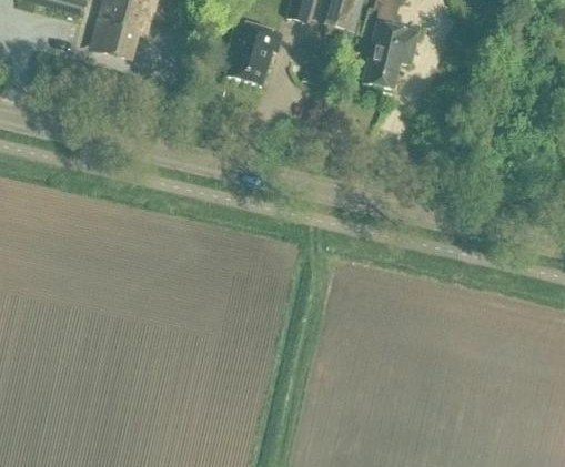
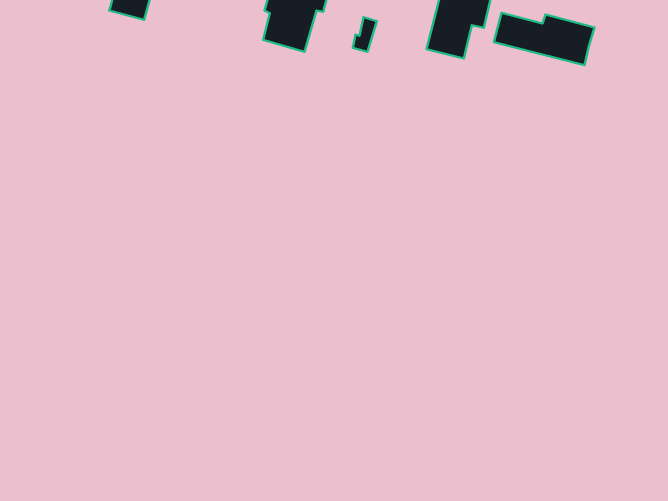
building: none -> [494,13,594,65]

